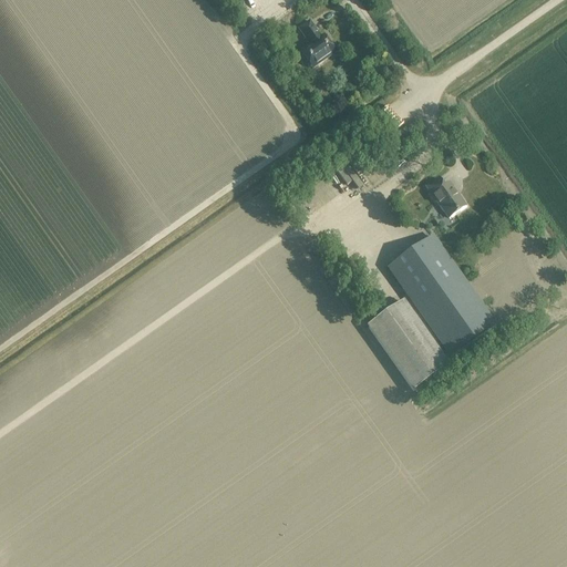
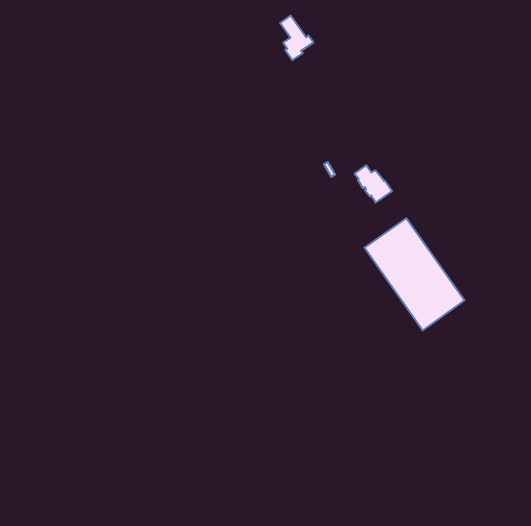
building: [425,174,465,214] -> [355,165,392,203]
building: [368,298,449,388] -> none

